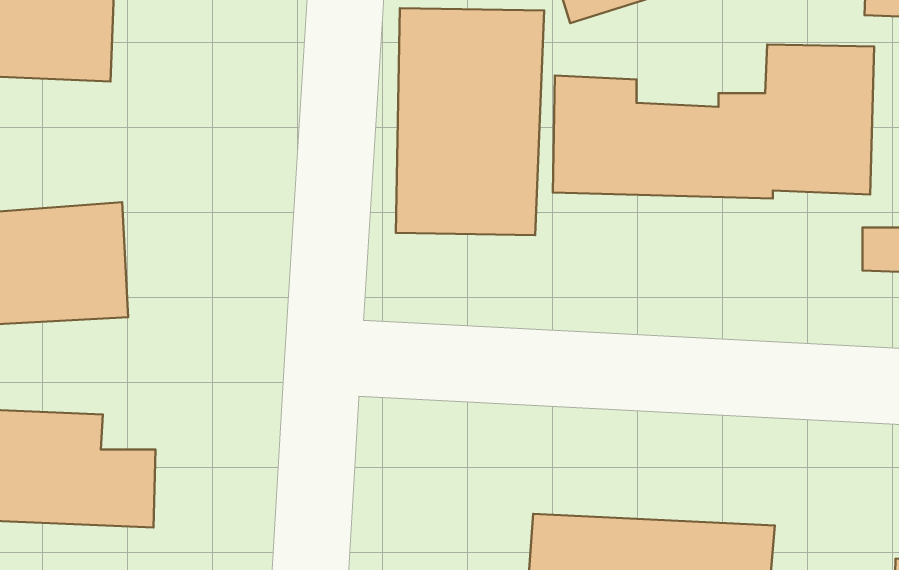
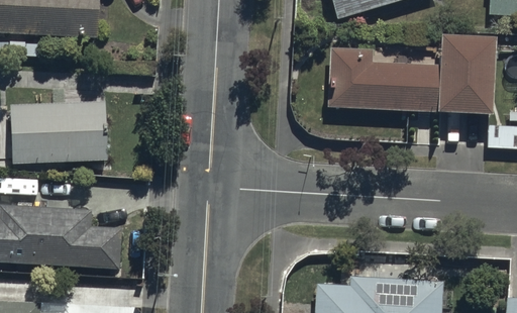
building: [396,8,544,235] -> none

